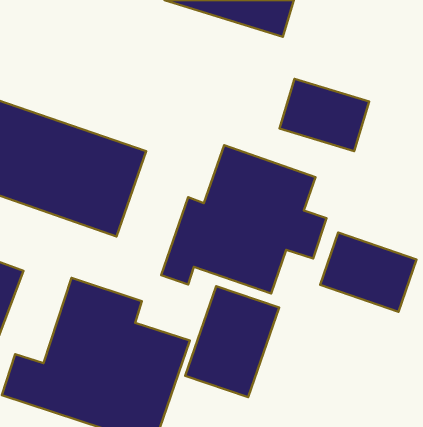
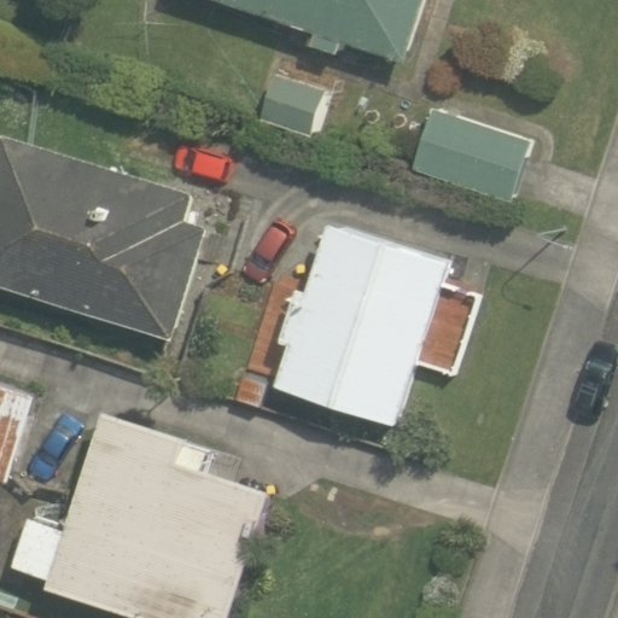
building: [320,233,416,312] -> none
building: [185,286,279,397] -> none

